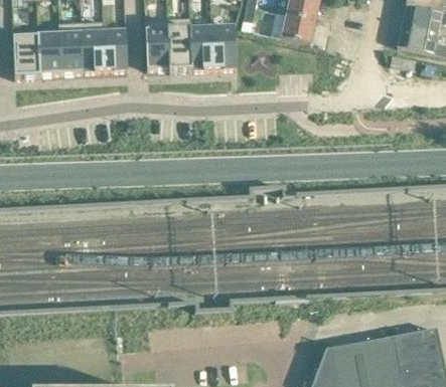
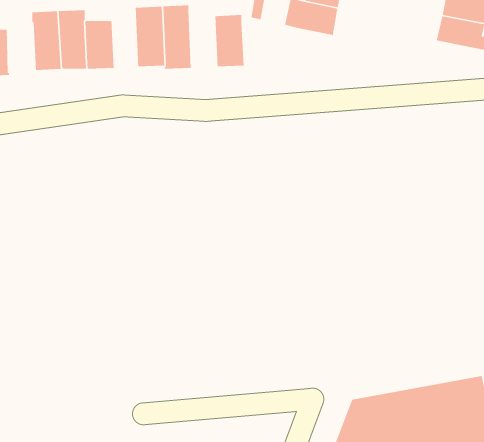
building: [190,21,213,70] -> none
building: [37,32,61,73] -> none

